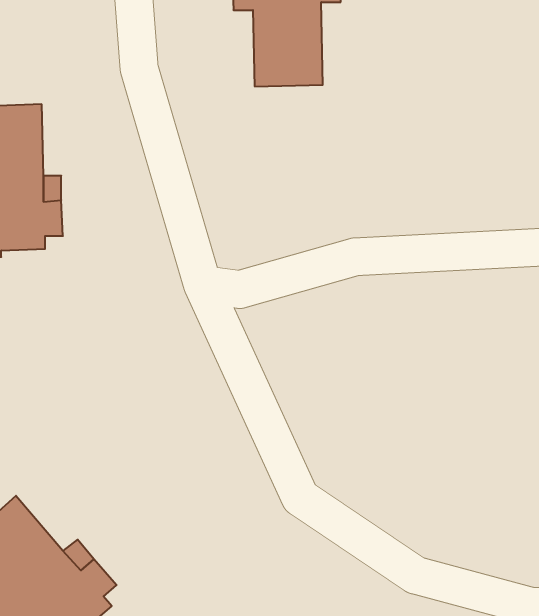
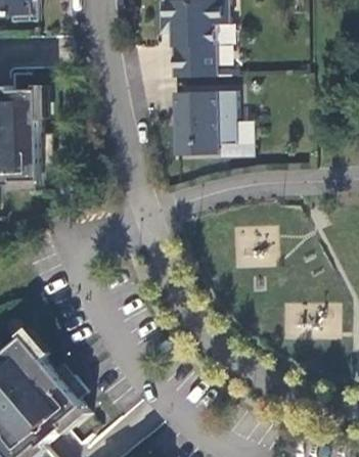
building: none -> [174,91,237,155]

